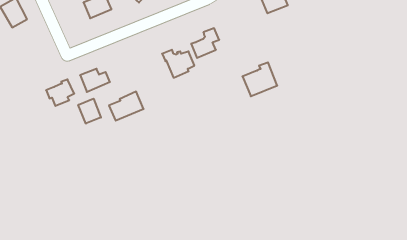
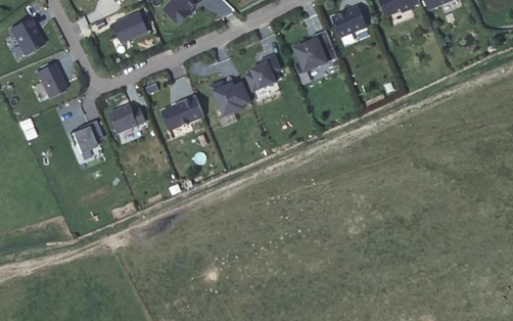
building: none -> [41,71,66,96]
building: [242,62,277,96] -> [294,29,337,71]
building: [109,92,144,121] -> [160,93,203,129]
building: [78,99,101,124] -> none

